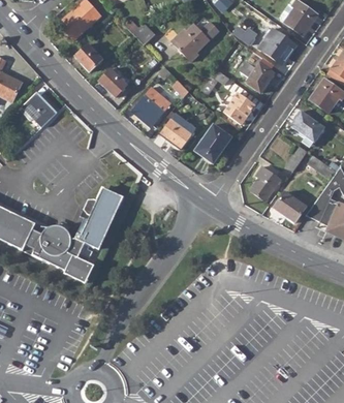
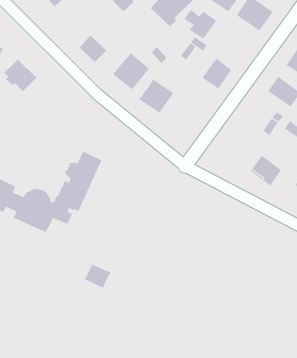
building: [75,43,103,72] -> none
building: [241,61,275,92] -> [184,9,217,39]
building: [193,123,231,163] -> none
building: [250,166,281,202] -> none
building: [65,256,93,281] -> [84,264,111,288]

